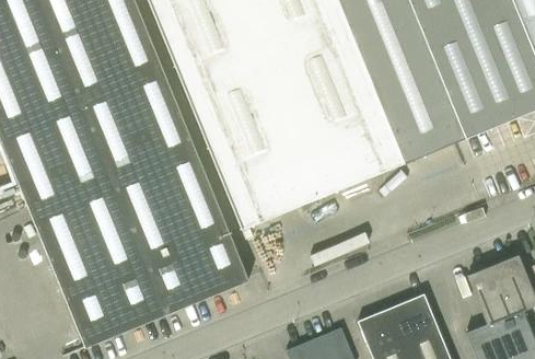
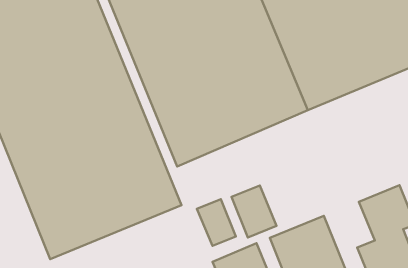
building: none -> [231,186,277,238]
building: none -> [197,199,236,246]

